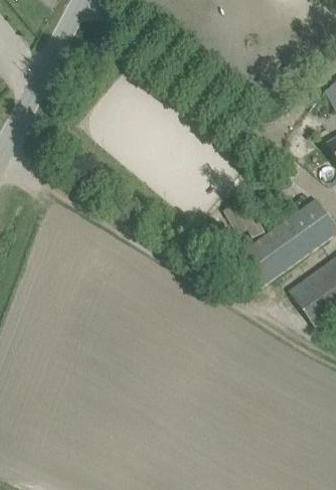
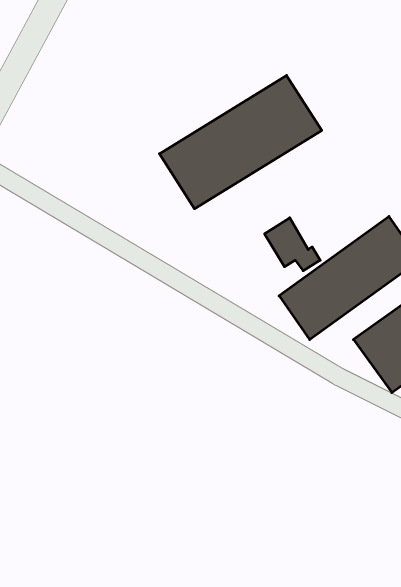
building: none -> [159,75,322,209]

